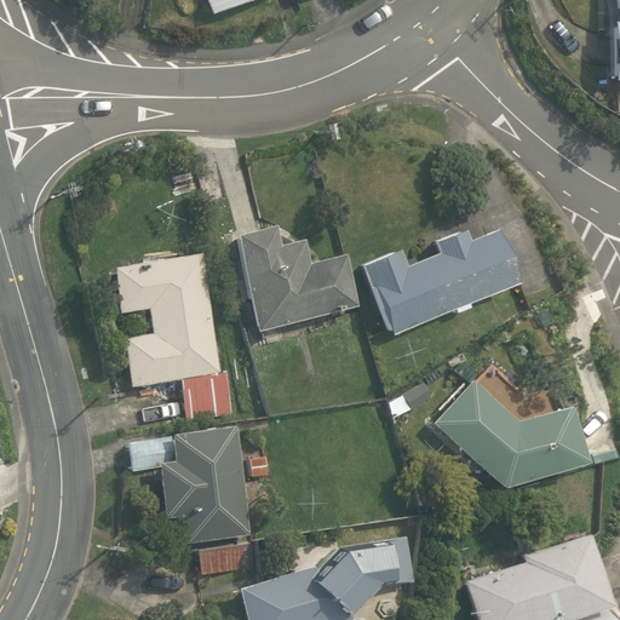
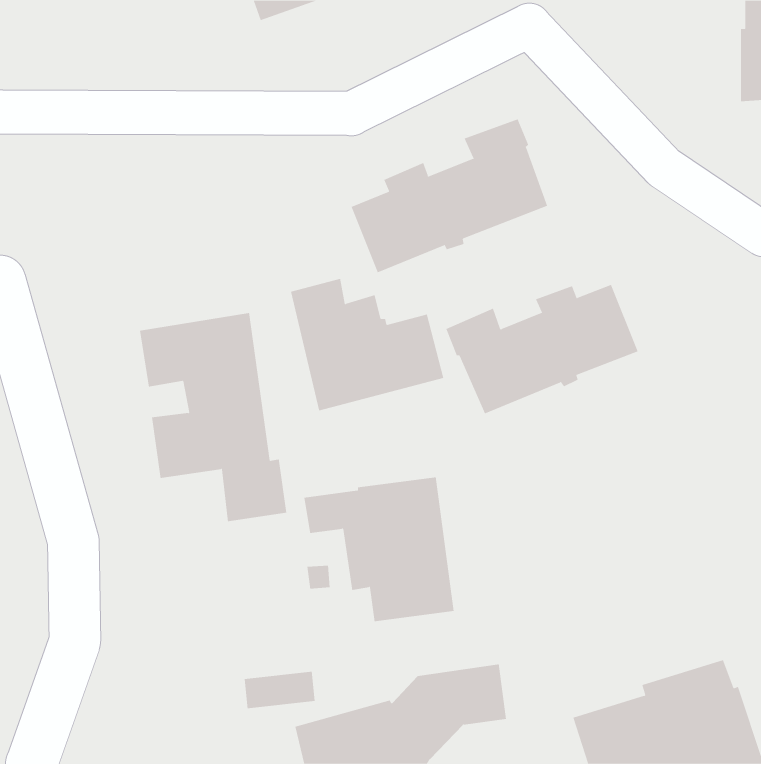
building: none -> [351,118,548,273]
building: [434,380,587,488] -> none
building: [130,426,252,544] -> [303,477,455,622]

